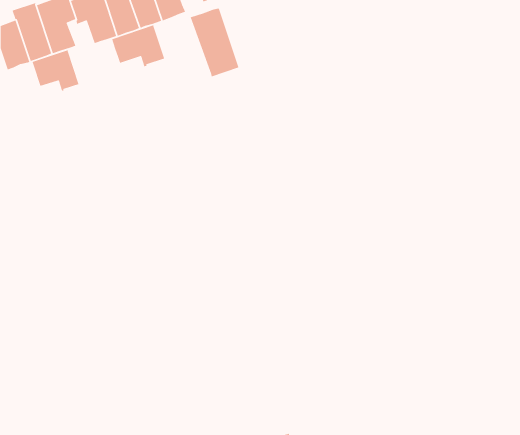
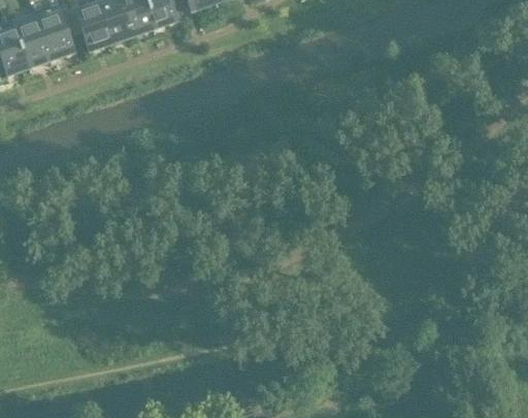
building: [190,7,240,77] -> none
building: [111,24,165,67] -> none
building: [32,49,80,92] -> none

